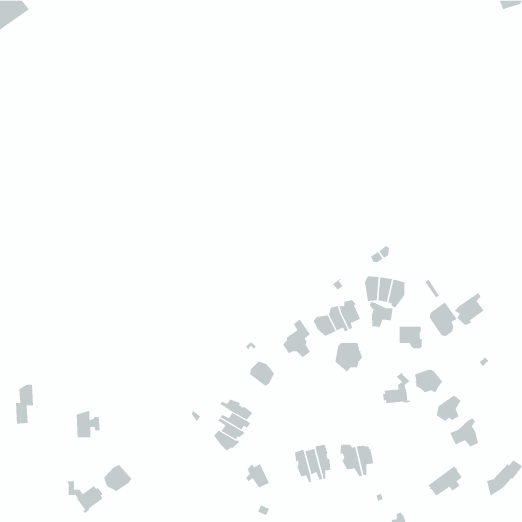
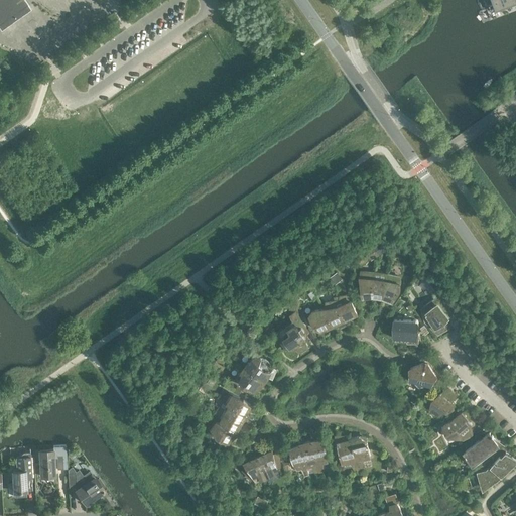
building: [454,292,484,326] -> none
building: [369,301,393,328] -> none
building: [335,342,363,373] -> none
building: [382,372,410,404] -> none
building: none -> [235,370,261,394]
building: [15,384,34,424] -> [11,454,29,493]
building: [76,410,100,438] -> [37,450,61,478]
building: none -> [256,450,278,477]
building: [104,464,132,492] -> none
building: [428,466,462,497] -> [462,435,496,466]

